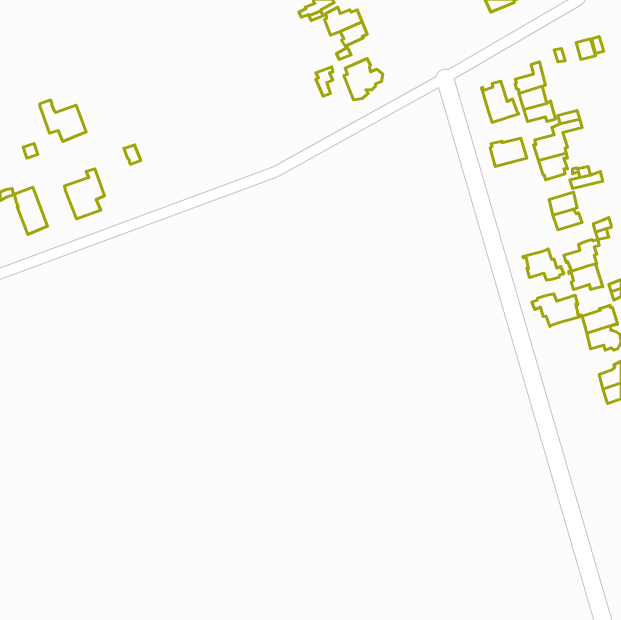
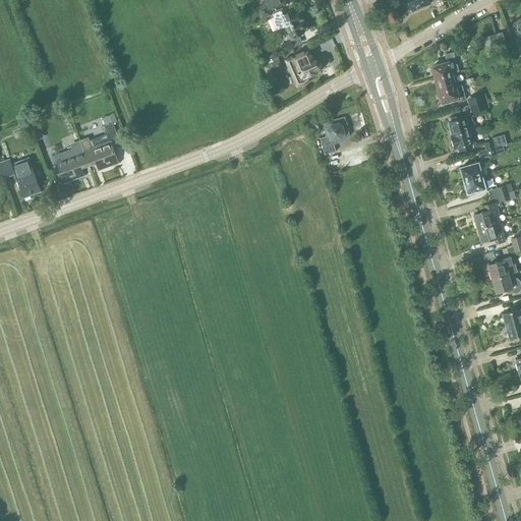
building: [481,81,519,122] -> none
building: [40,100,86,142] -> [79,136,118,171]
building: [490,138,527,166] -> none
building: none -> [320,116,349,155]
building: [523,249,564,280] -> none
building: [532,294,582,326] -> none

